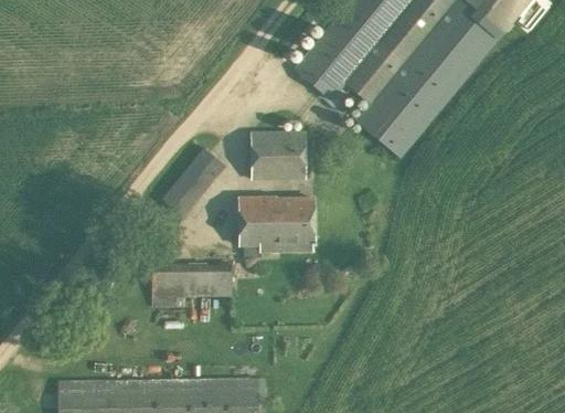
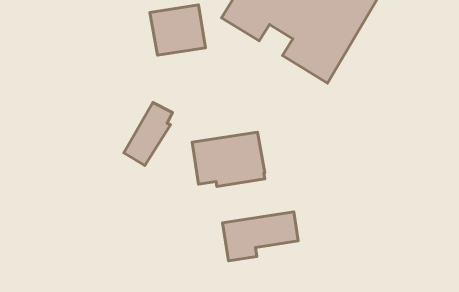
building: [249,131,305,180] -> [150,5,205,55]
building: [150,264,231,307] -> [223,212,298,261]

